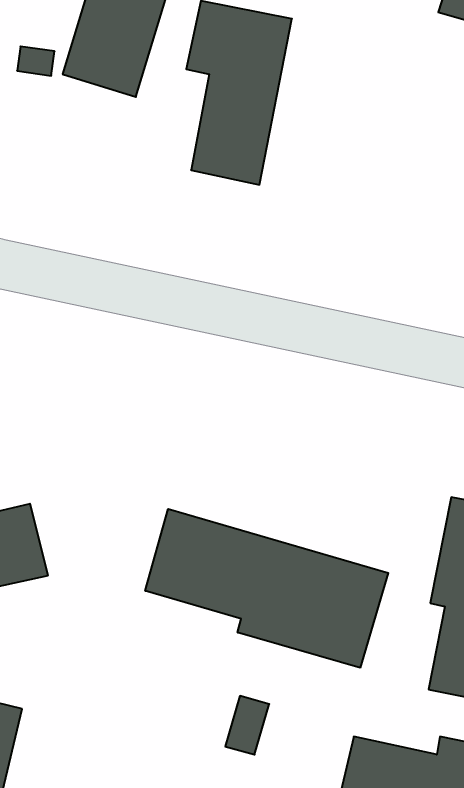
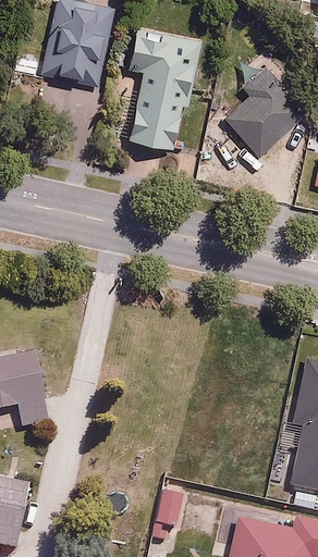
building: none -> [222,65,307,159]
building: [145,509,388,668] -> none

